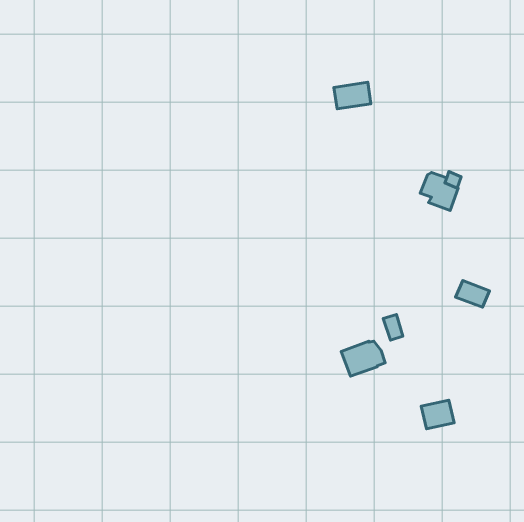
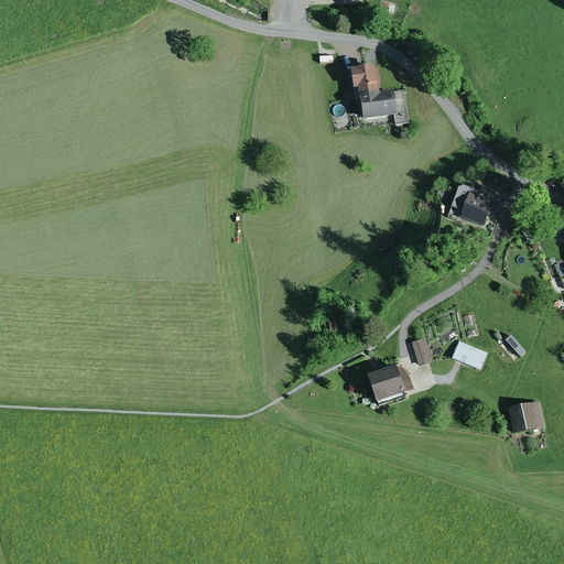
building: none -> [350,65,379,91]
building: [456,281,490,307] -> [451,340,487,369]
building: [421,400,454,429] -> [508,402,543,433]

